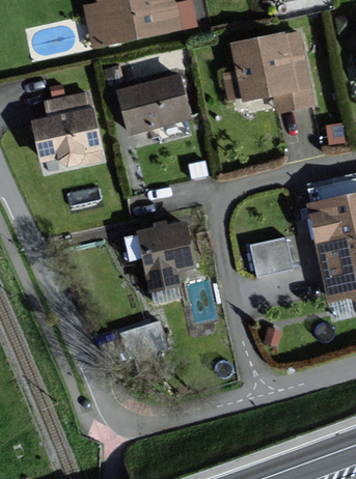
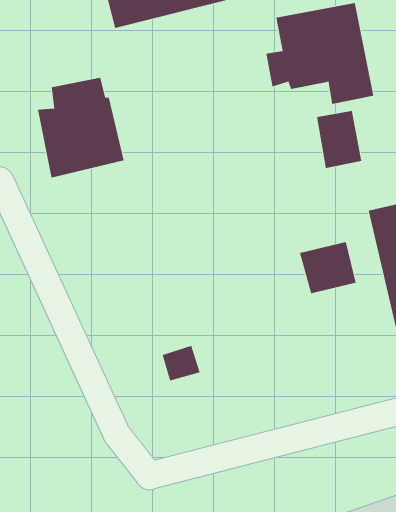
building: [115,75,189,135] -> none
building: none -> [317,110,362,169]
building: [139,220,197,291] -> none

